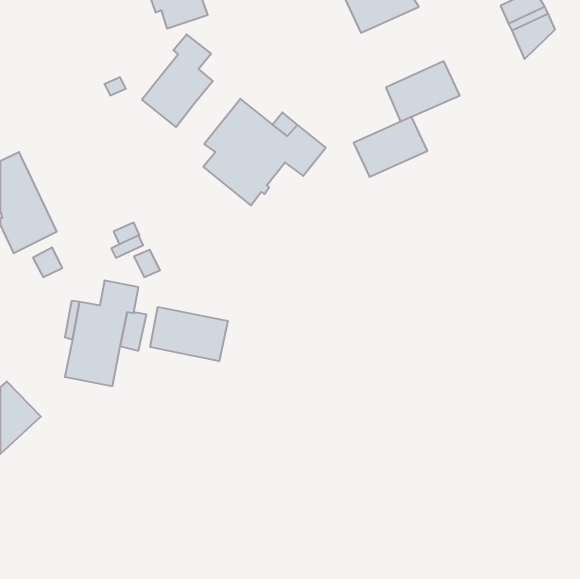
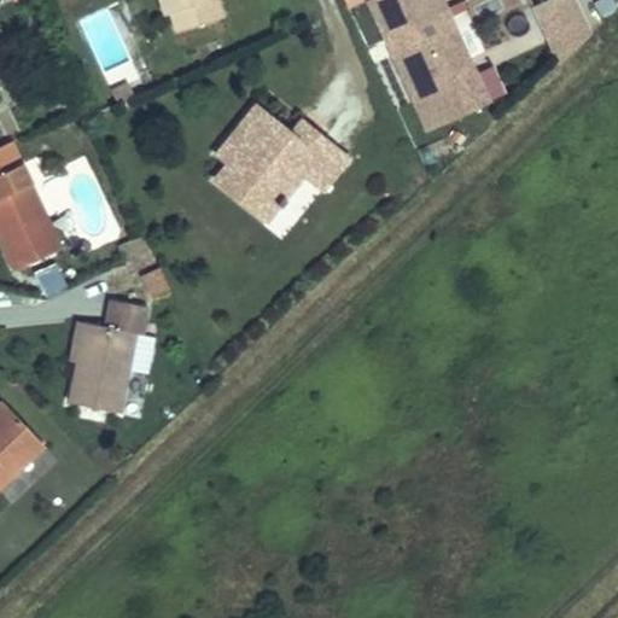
building: [142,34,213,127] -> none
building: [354,117,427,177] -> [393,29,472,93]
building: [150,307,228,361] -> none

